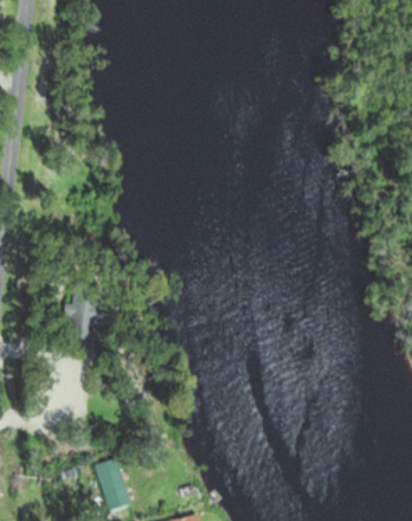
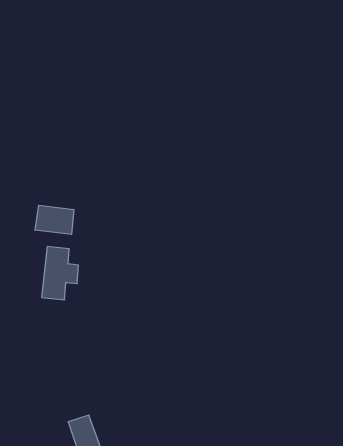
building: none -> [35,205,74,234]

